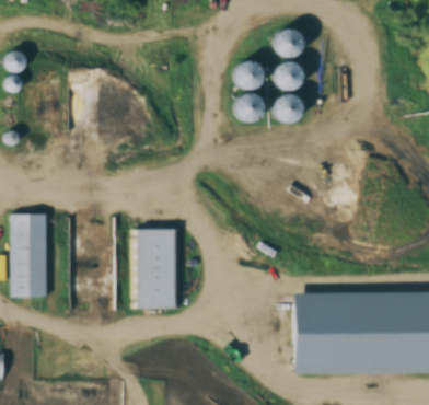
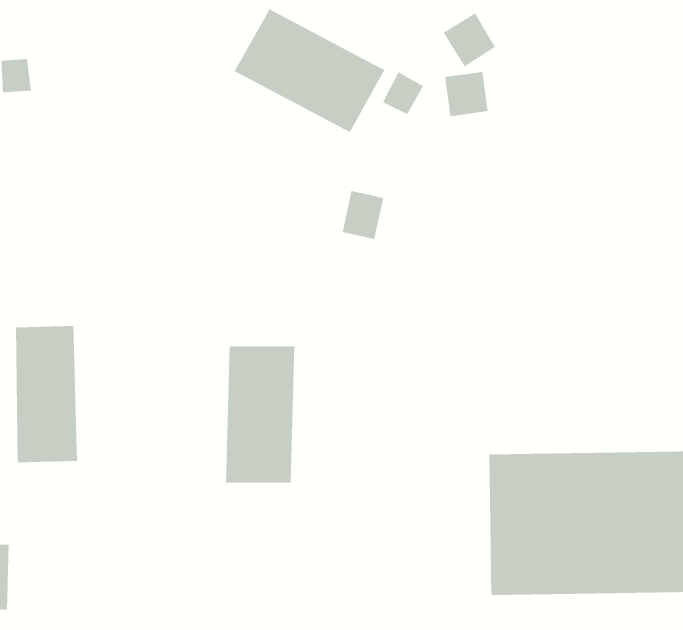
building: none -> [233,8,386,133]
building: [229,93,254,123] -> [342,190,384,240]
building: [270,94,294,124] -> none

